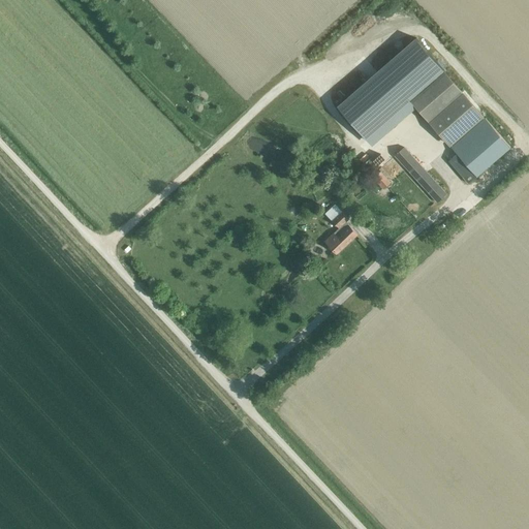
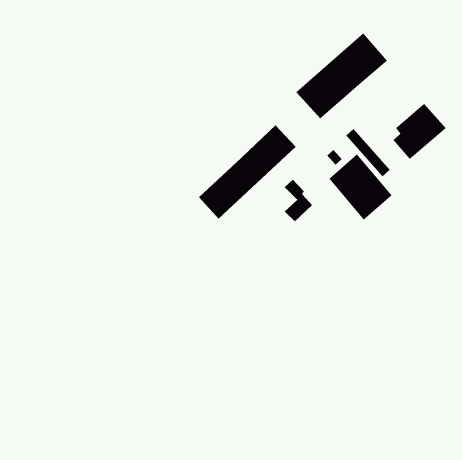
building: [411,72,485,149] -> [328,154,393,220]
building: none -> [198,125,297,219]

